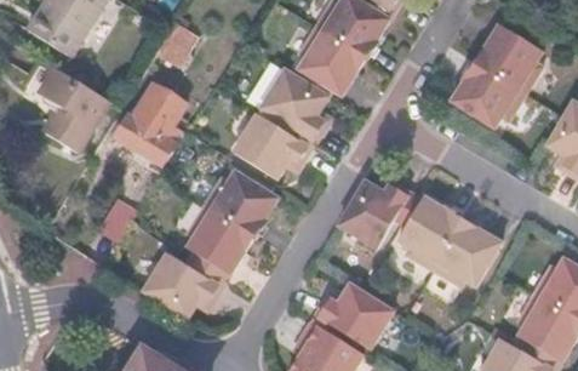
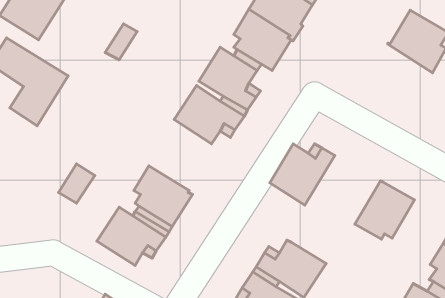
building: [452,63,523,129] -> none
building: [110,85,182,164] -> none
building: [200,169,275,238] -> none
building: [402,196,467,269] -> none

